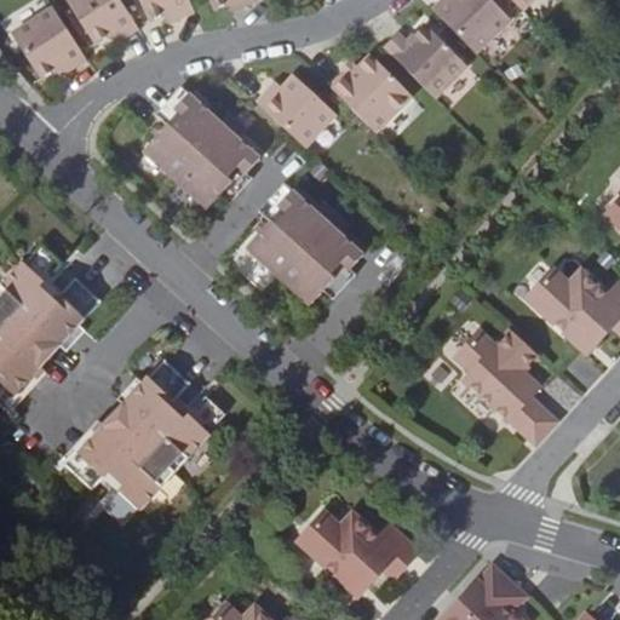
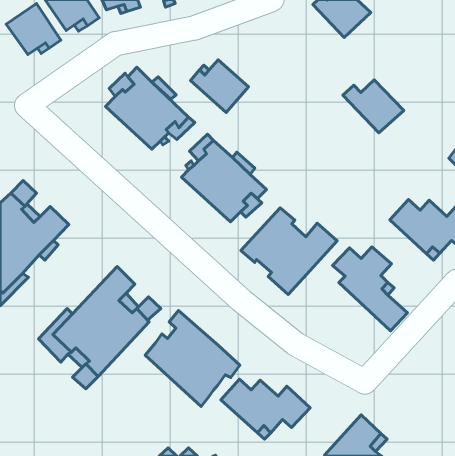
building: [380,23,463,94] -> [343,80,404,133]
building: [325,50,407,128] -> none
building: none -> [241,208,337,295]
building: none -> [145,310,240,406]

